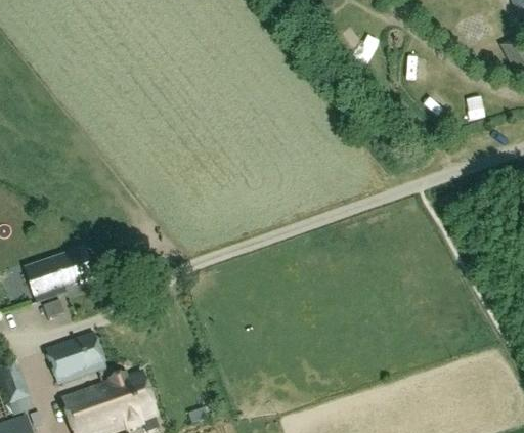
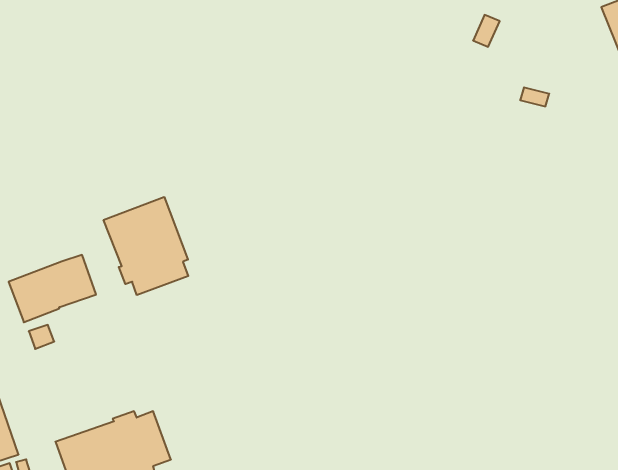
building: none -> [104,197,188,295]
building: [46,331,105,383] -> none

